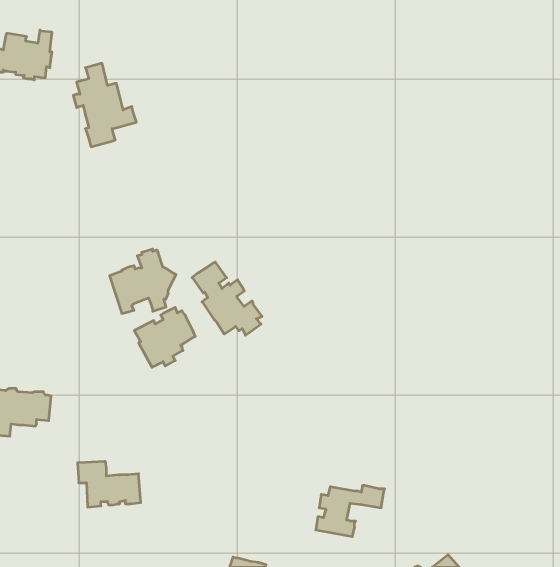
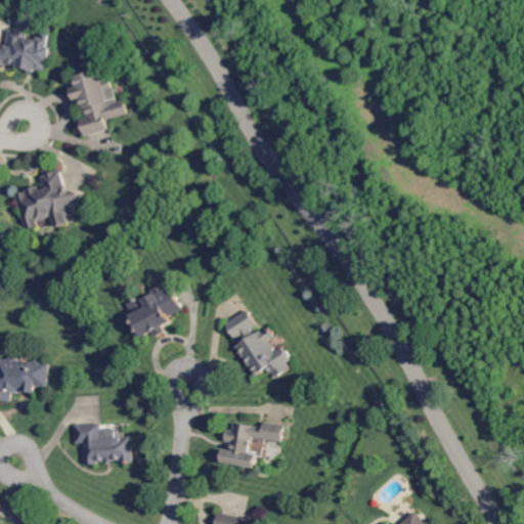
building: [110,249,176,313] -> [13,171,75,230]
building: [192,262,262,335] -> [224,310,289,378]
building: [316,486,385,537] -> [218,423,281,470]

